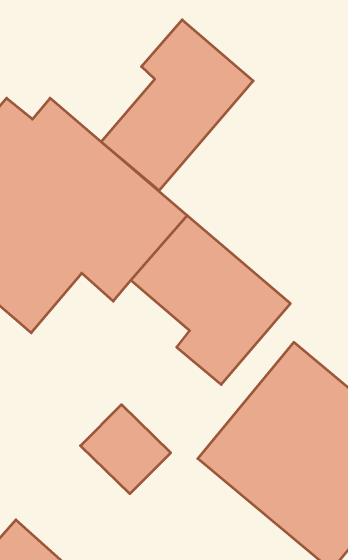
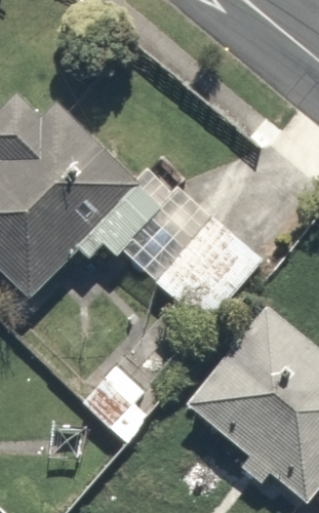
building: [101,20,253,190] -> none

